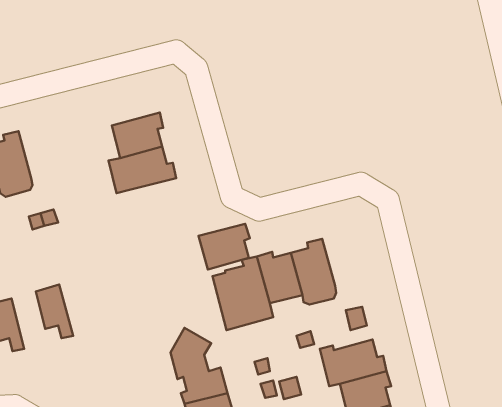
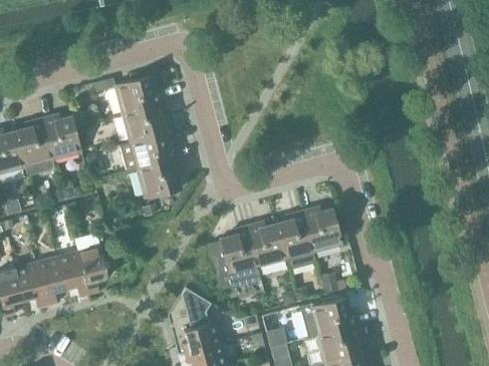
building: none -> [113,76,163,114]
building: none -> [41,115,80,159]
building: [198,224,250,270] -> [137,159,181,199]
building: none -> [302,208,341,252]
building: none -> [73,234,109,295]
building: none -> [35,257,64,306]

